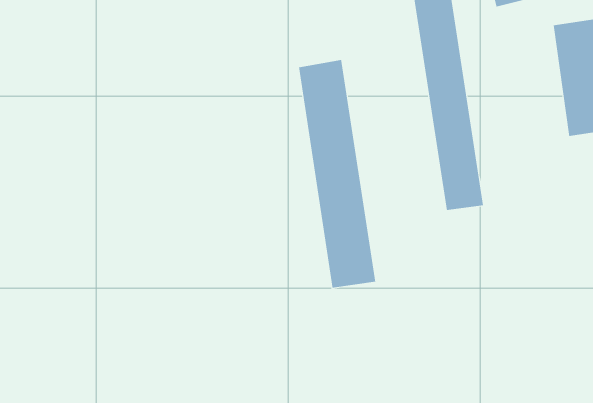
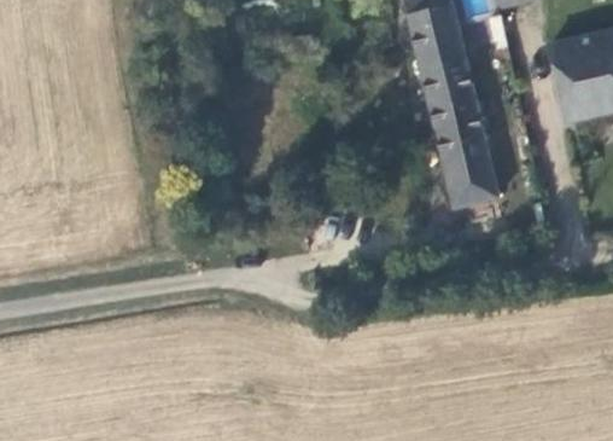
building: [298,59,376,288] -> none

